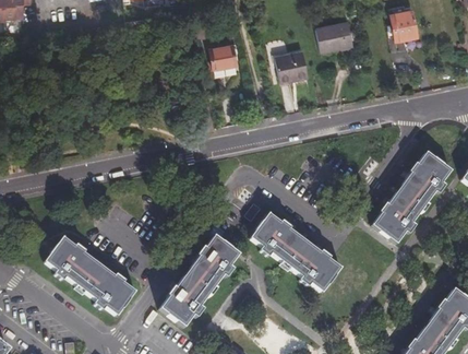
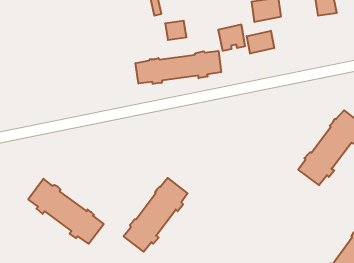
building: none -> [247,31,274,54]
building: none -> [136,51,221,84]
building: [251,214,341,293] -> none

